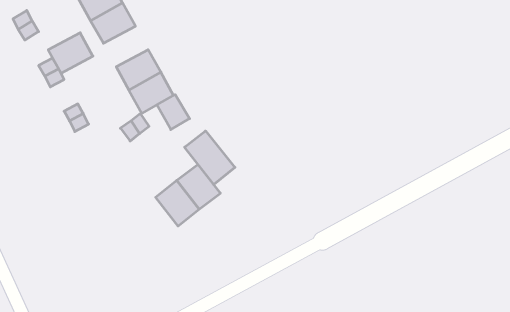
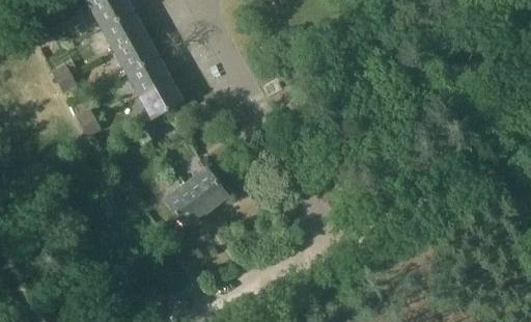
building: [48,33,93,73] -> [114,33,158,73]
building: [157,95,190,130] -> none
building: [185,131,235,185] -> none

